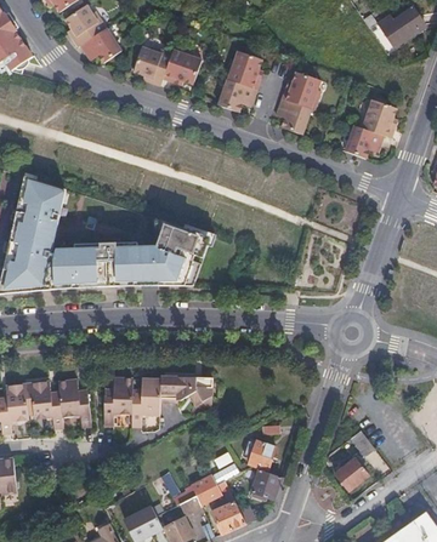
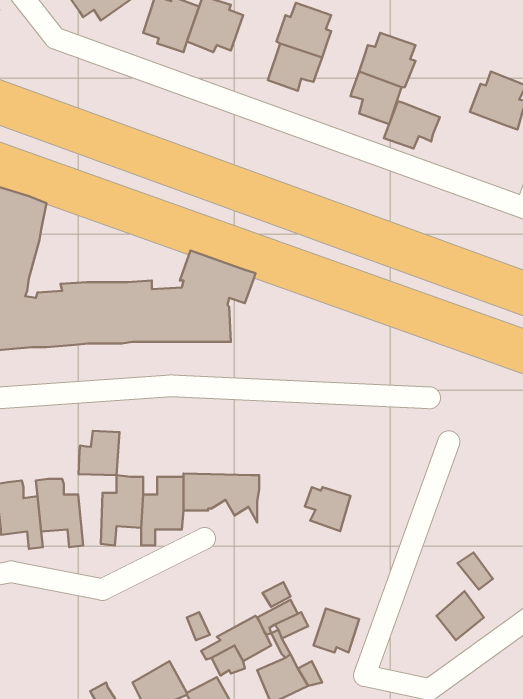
building: [345,124,384,156] -> [384,101,440,149]
building: none -> [79,431,120,475]
building: [244,439,276,469] -> [305,487,351,531]

